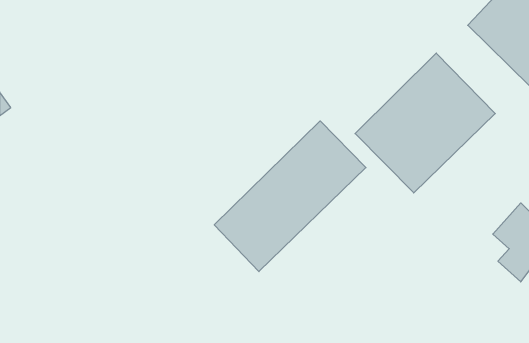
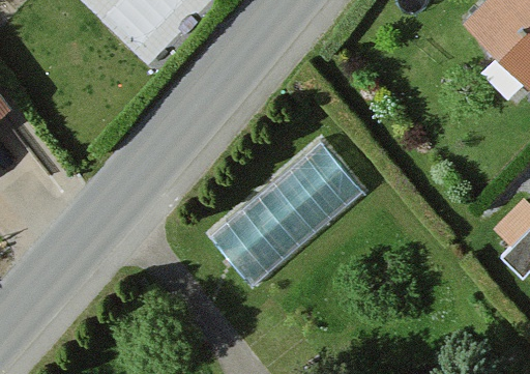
building: [355,53,495,193] -> none

